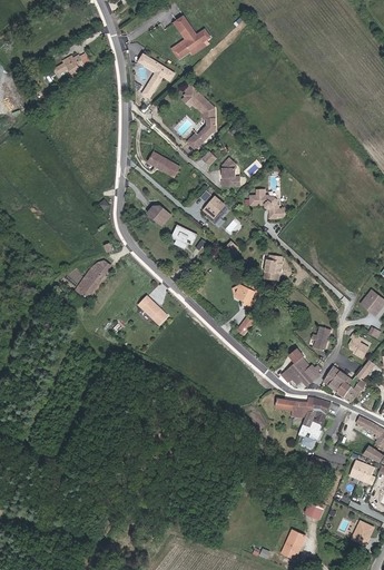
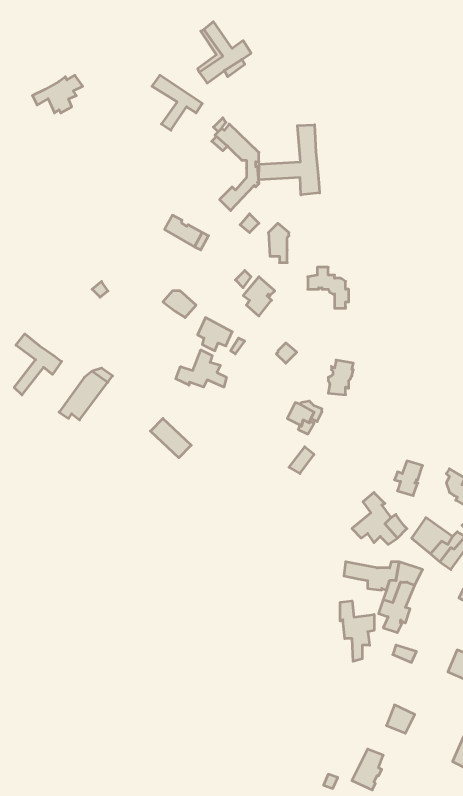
building: none -> [259,125,320,195]
building: none -> [14,334,62,395]
building: none -> [176,350,226,387]
building: none -> [340,601,374,661]

